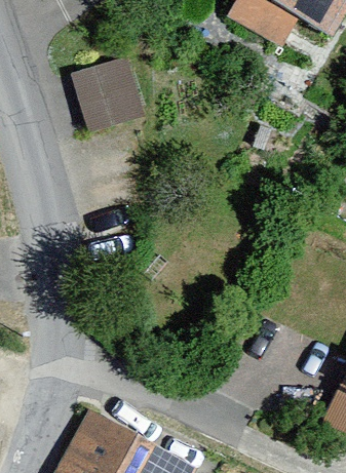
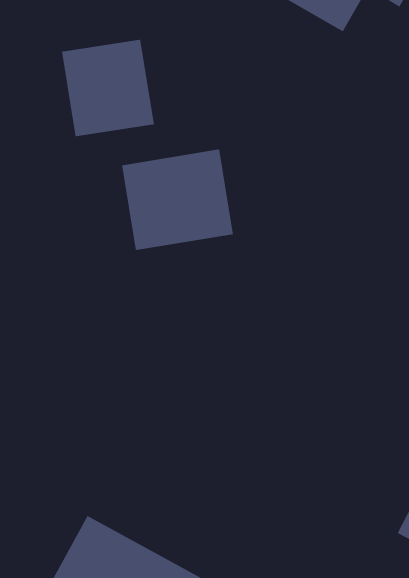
building: none -> [122,149,233,251]

